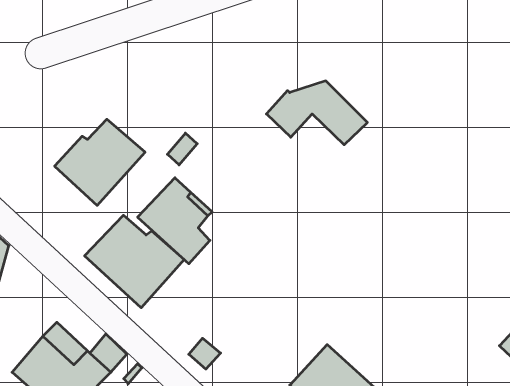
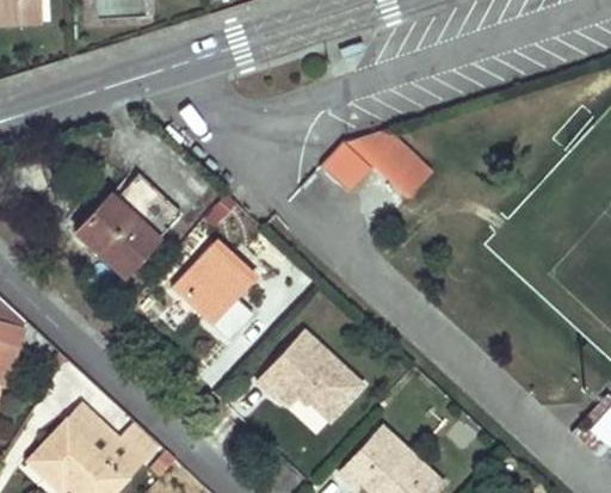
building: [85,215,184,308] -> none
building: none -> [255,329,363,420]

